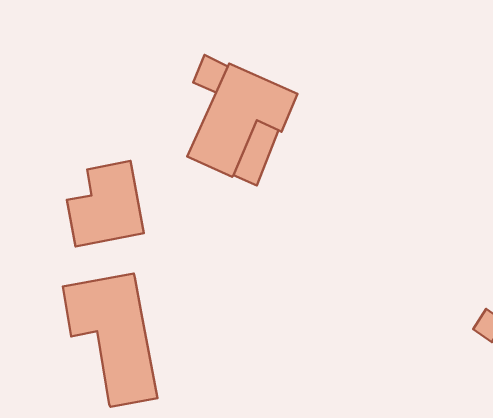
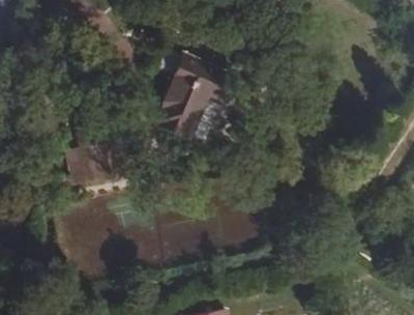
building: [63,273,157,407] -> none

